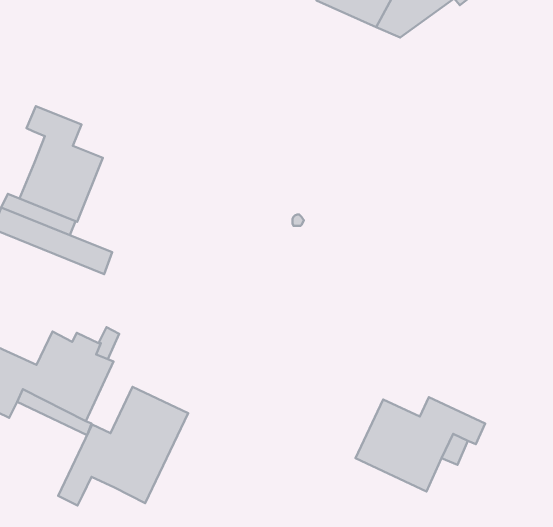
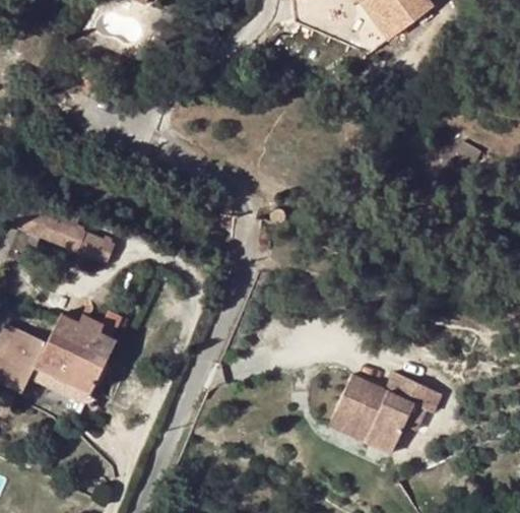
building: [20,106,103,222] -> none
building: [58,387,188,505] -> none

